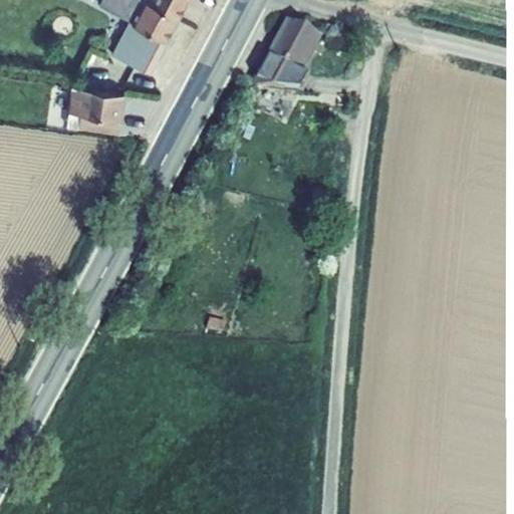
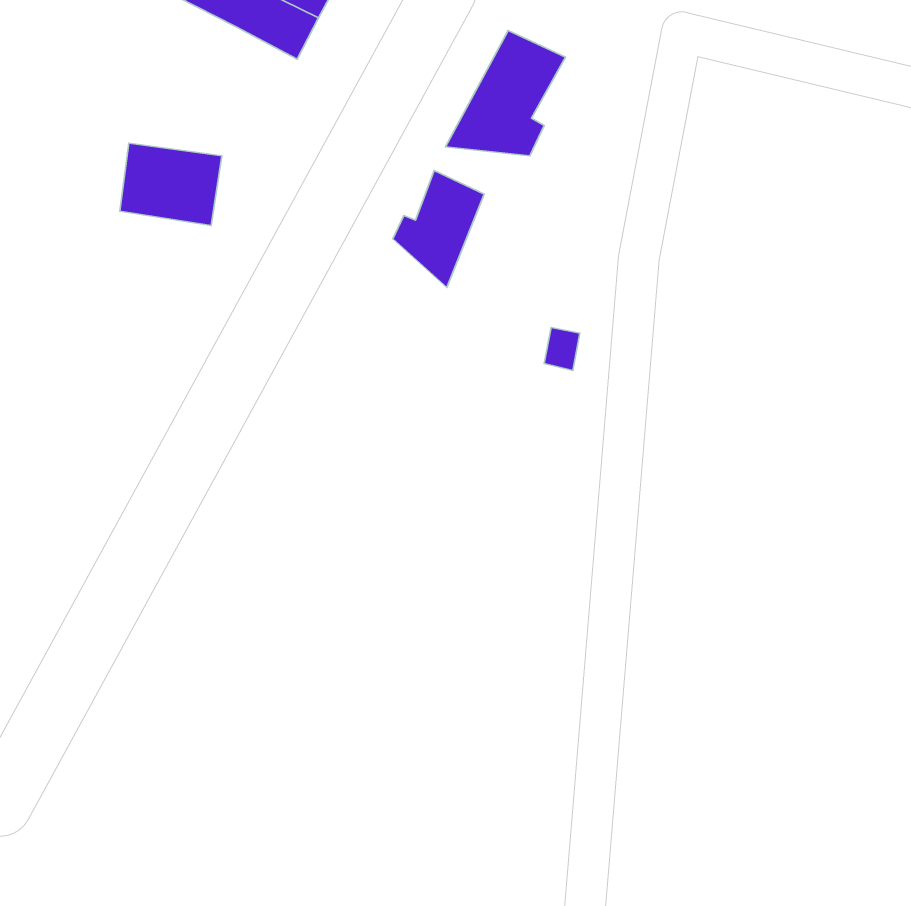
building: [116,15,169,66] -> none
building: none -> [393,171,484,287]

